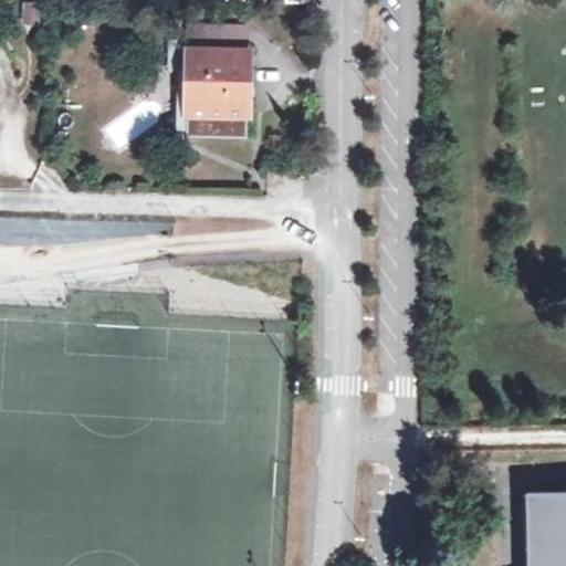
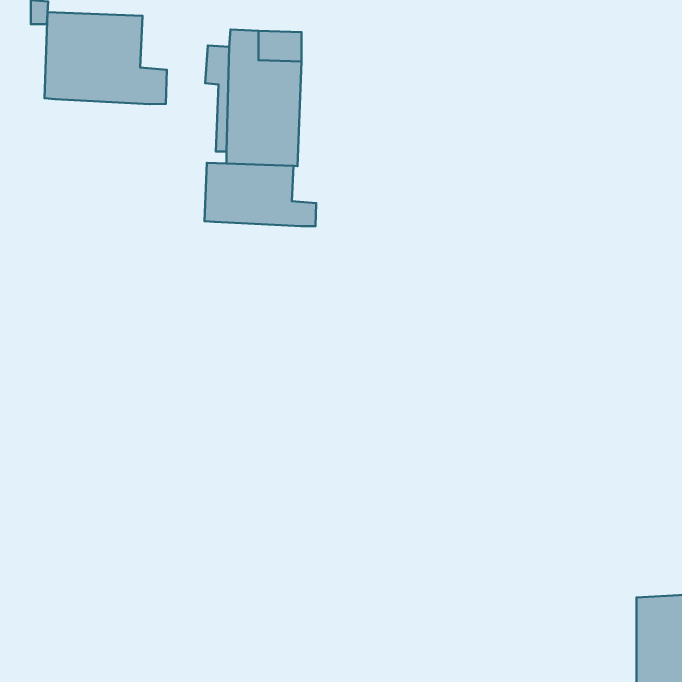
building: none -> [44,12,167,104]
building: none -> [205,163,316,226]

